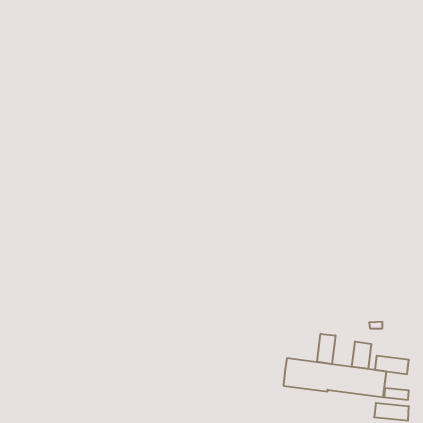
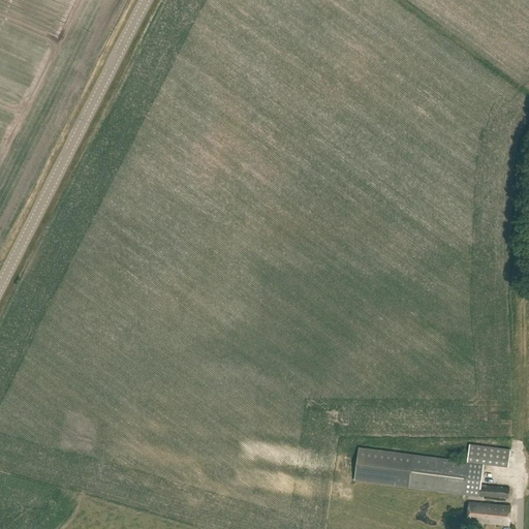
building: [317,334,336,364] -> none
building: [352,341,371,369] -> none

